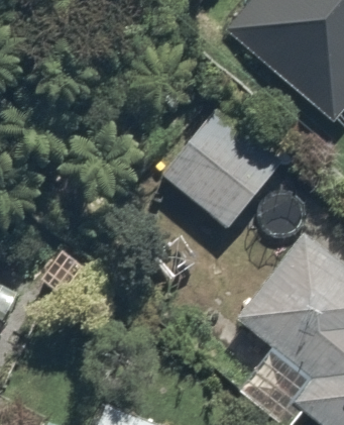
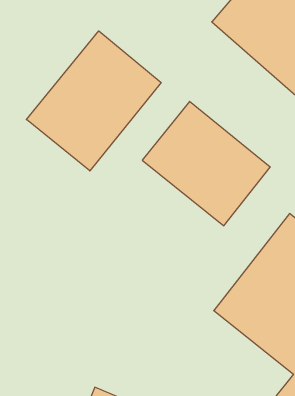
building: none -> [26,31,161,171]

